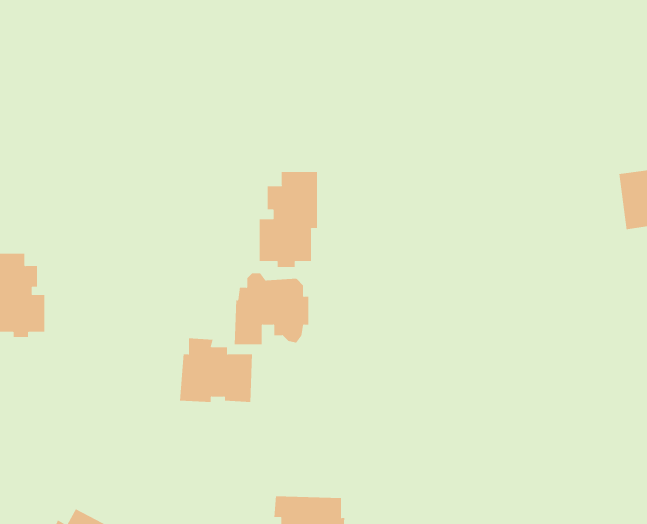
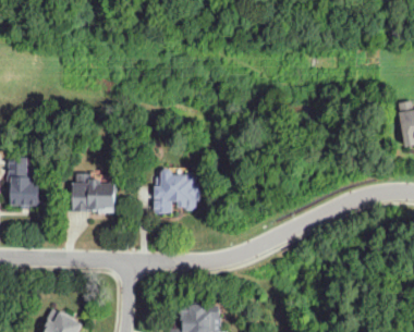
building: [259,171,317,268] -> none
building: [179,338,253,402] -> [71,174,115,213]

